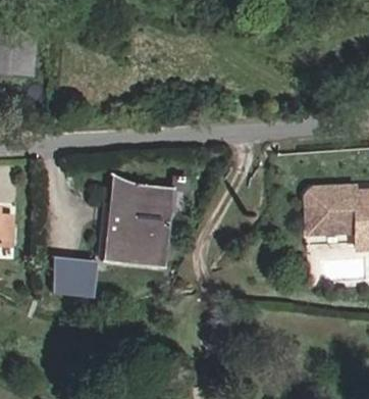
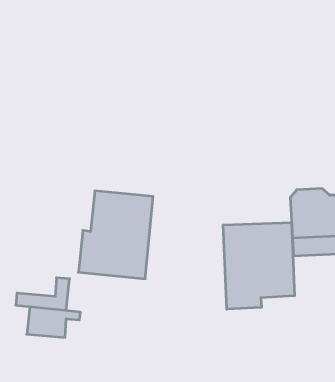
building: none -> [223,223,295,309]
building: [49,255,99,284] -> [27,307,80,337]

